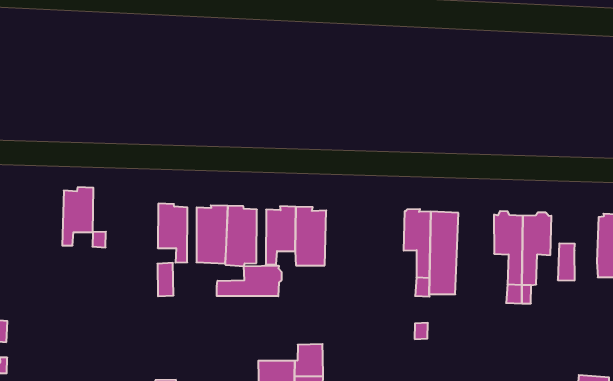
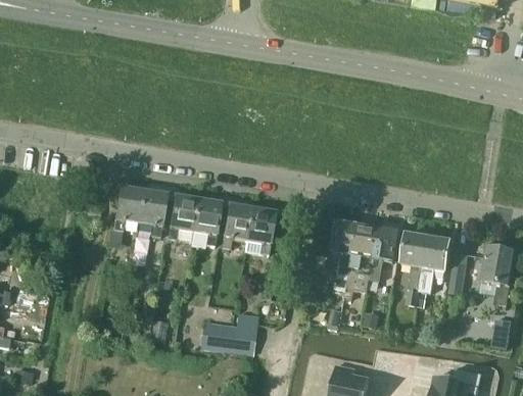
building: [62,187,93,246] -> [113,185,144,230]
building: none -> [369,226,397,280]
building: [217,266,282,296] -> none

